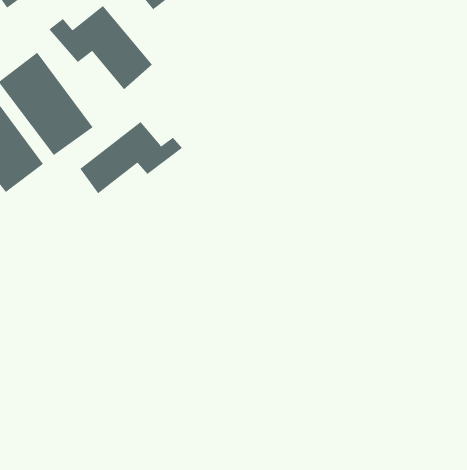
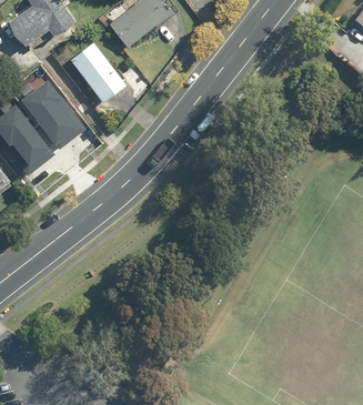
building: [79,121,183,194] -> none

